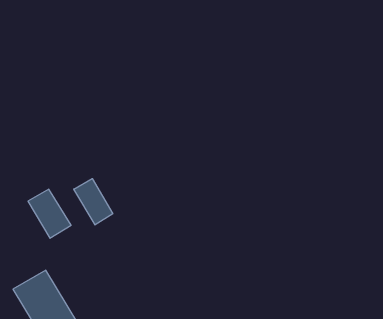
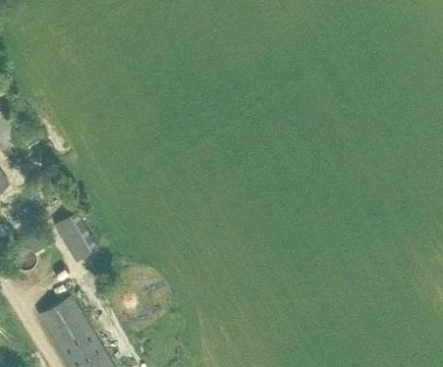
building: [74,179,113,225] -> none

